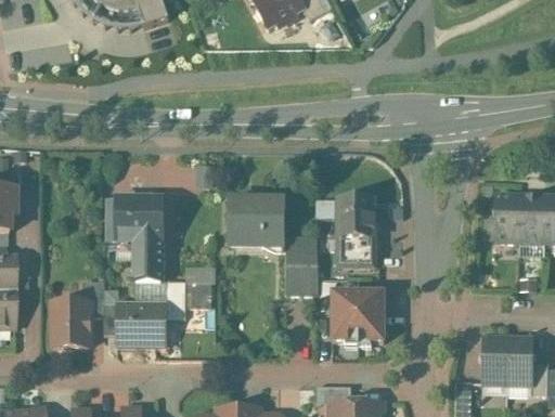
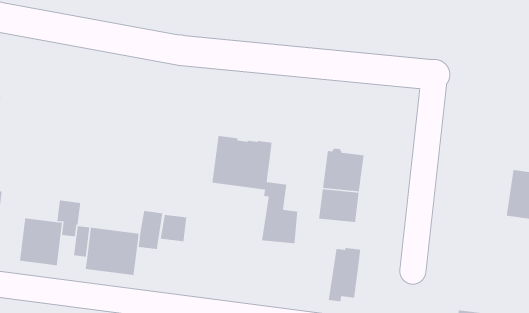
building: [495,194,520,242] -> none
building: [117,198,162,282] -> none
building: [332,291,358,346] -> none

